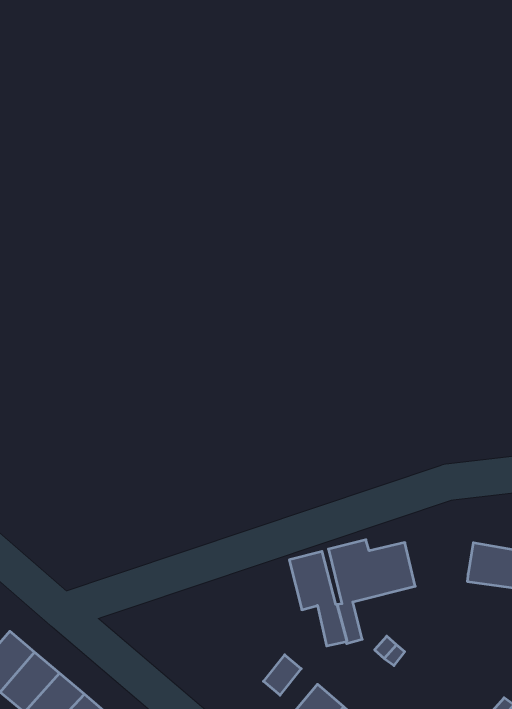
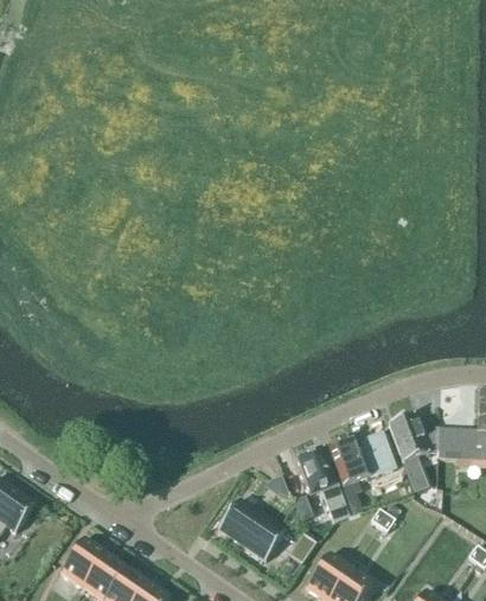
building: none -> [389,414,440,491]
building: none -> [220,499,287,561]

